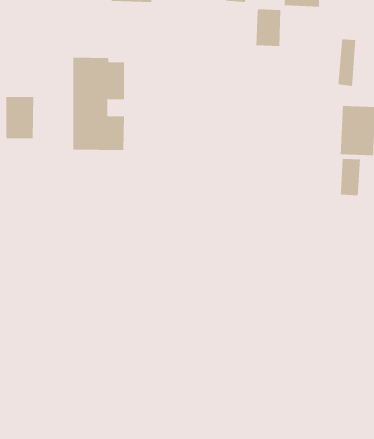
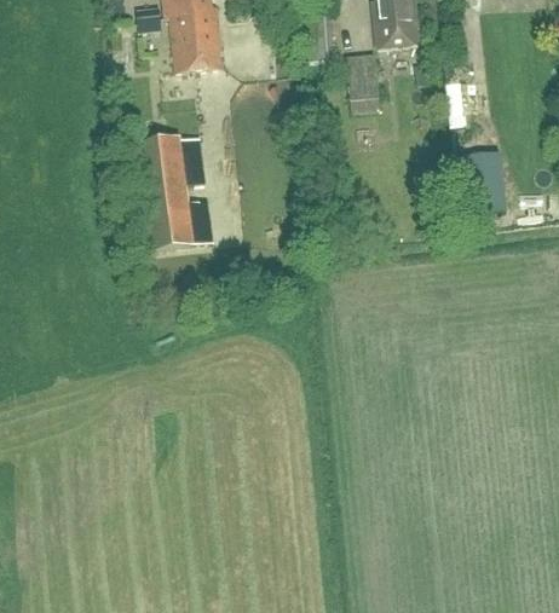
building: [6,96,34,139] -> none
building: [340,158,361,196] -> none

